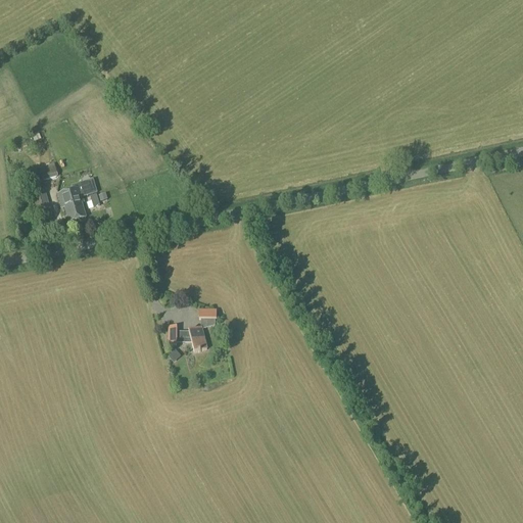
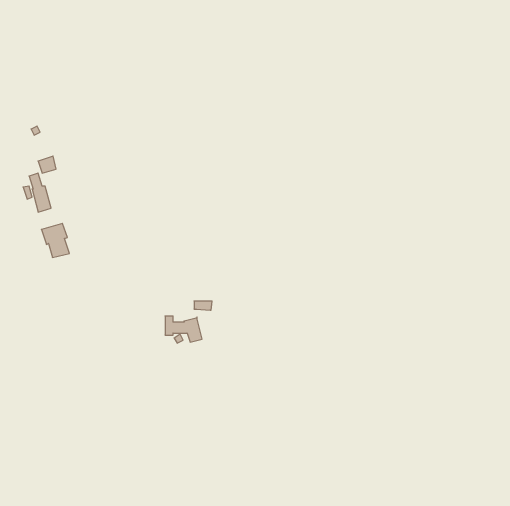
building: [58,184,87,219] -> [41,223,69,257]

